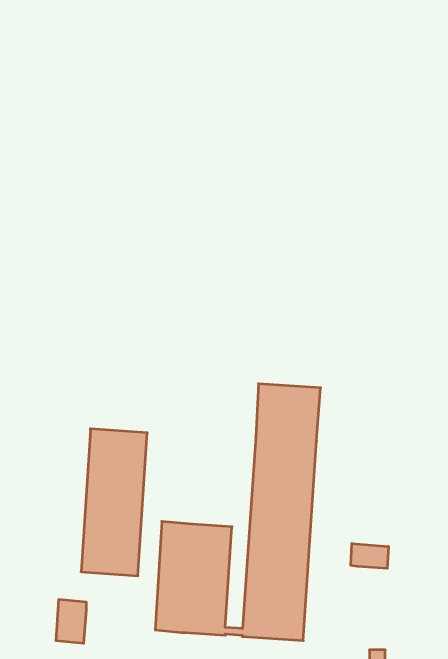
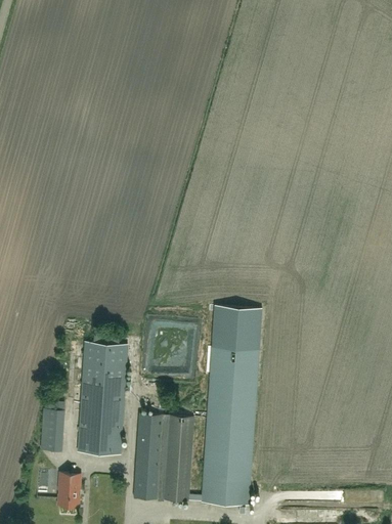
building: none -> [41,409,64,451]
building: [351,543,388,568] -> none

